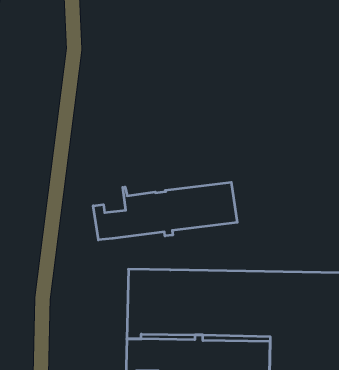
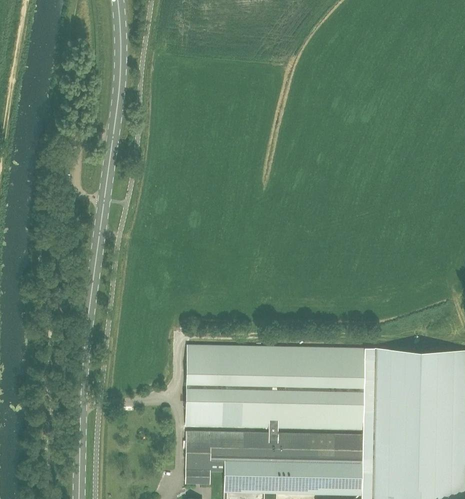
building: [93,182,237,240] -> none

